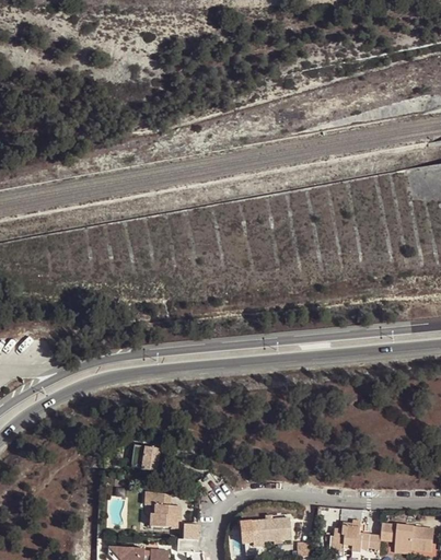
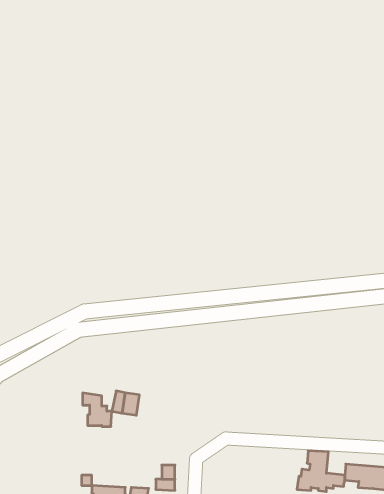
building: [149,492,181,528] -> [83,393,112,426]
building: [249,518,291,544] -> none

